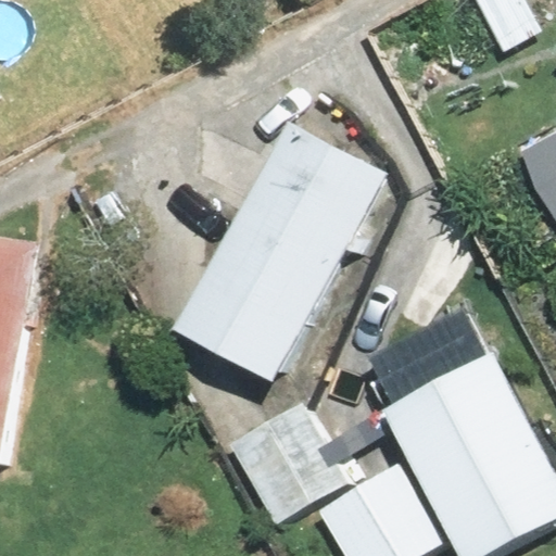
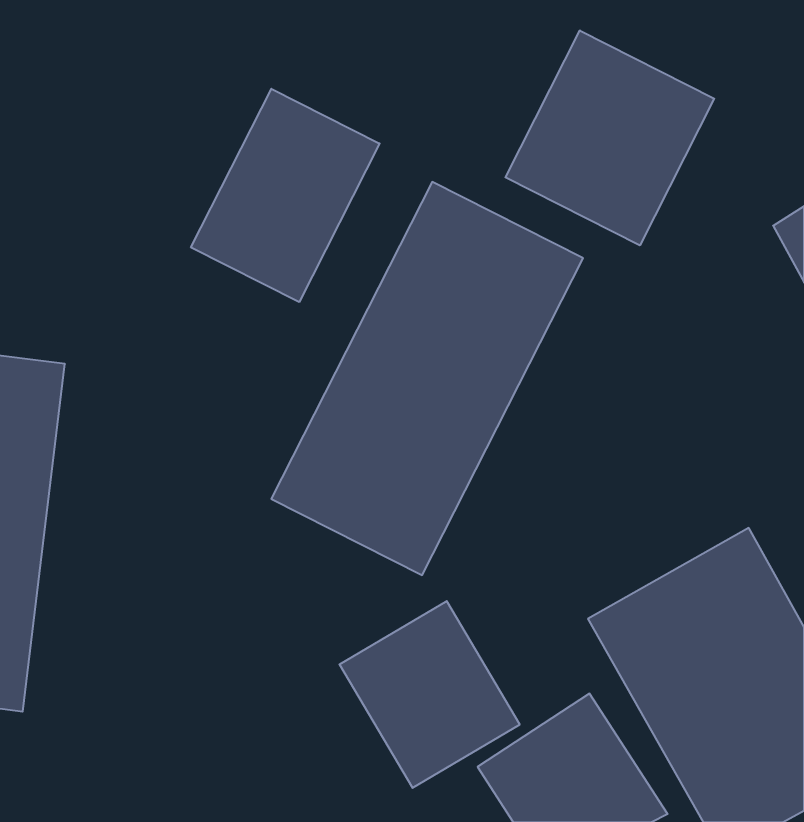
building: none -> [505,30,714,245]
building: none -> [191,89,380,302]

